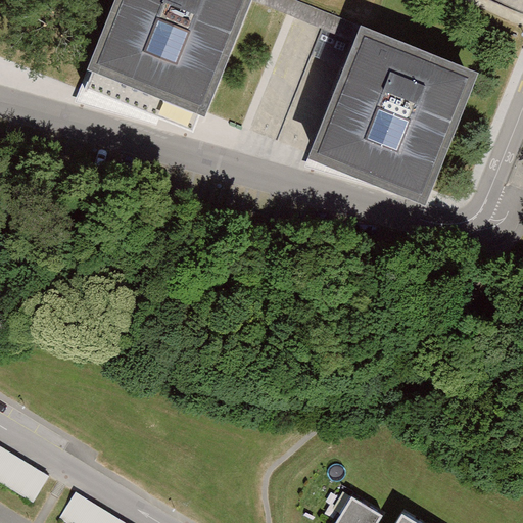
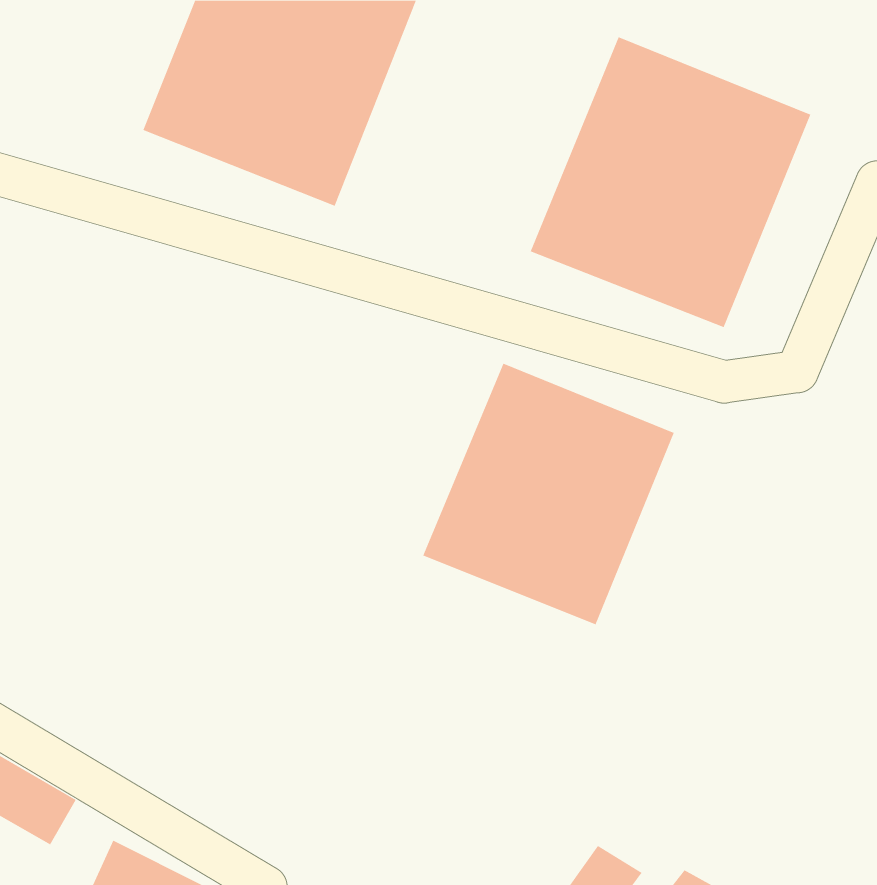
building: none -> [423,363,675,625]

